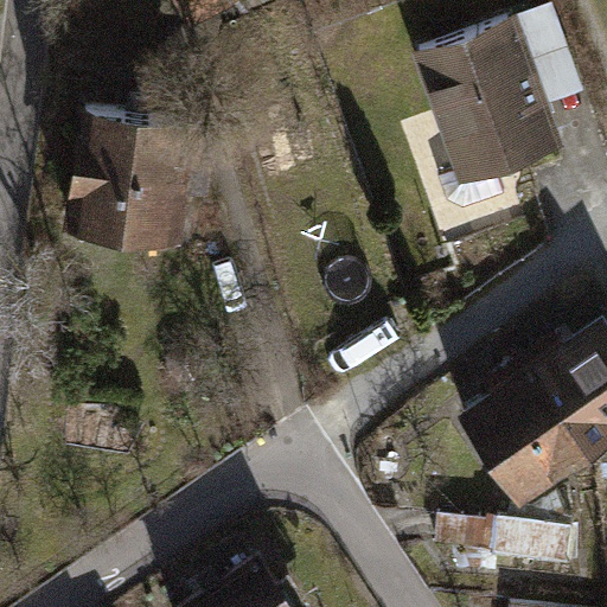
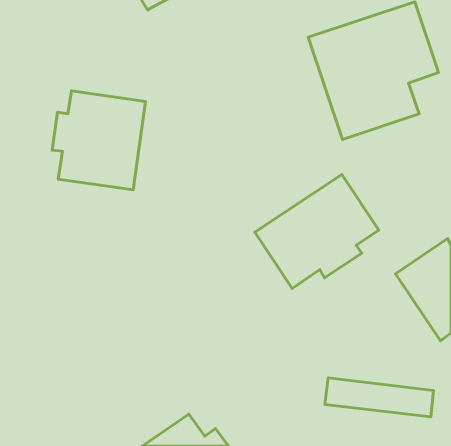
building: none -> [255,174,379,288]
building: [459,368,592,506] -> none

